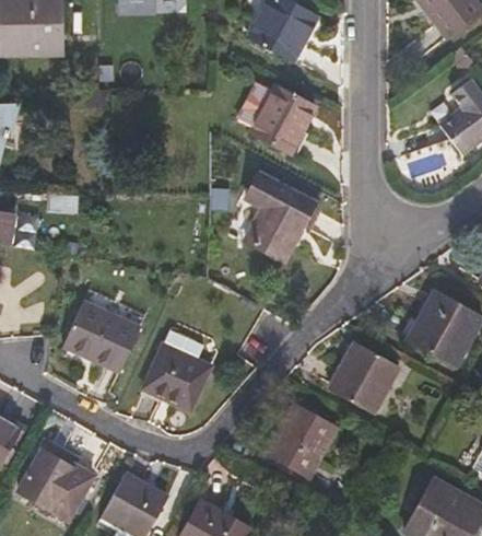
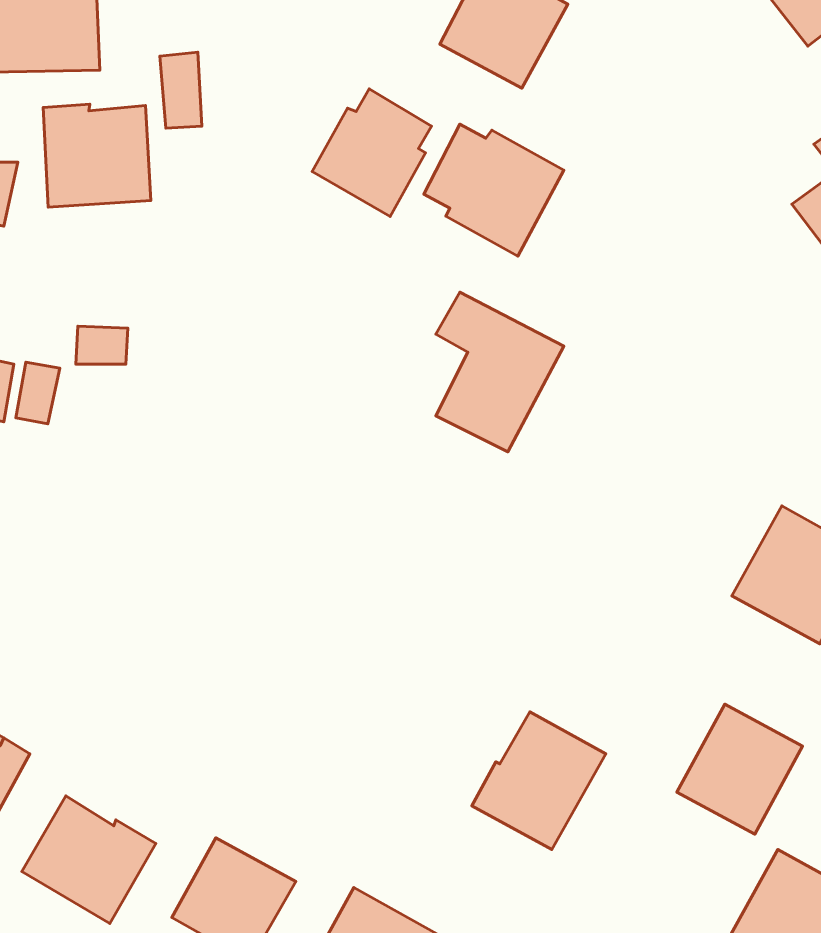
building: none -> [312,89,431,216]
building: none -> [43,104,151,207]
building: [62,302,140,372] -> none
building: [143,329,210,410] -> none
building: [329,342,398,413] -> [677,704,803,834]

